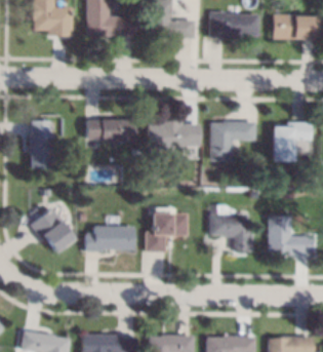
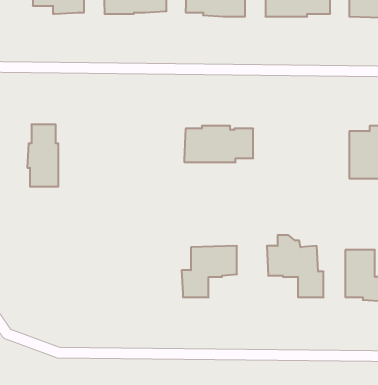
building: [86,118,135,143] -> none
building: [210,120,255,160] -> none
building: [30,207,74,252] -> none
building: [86,226,134,251] -> none

